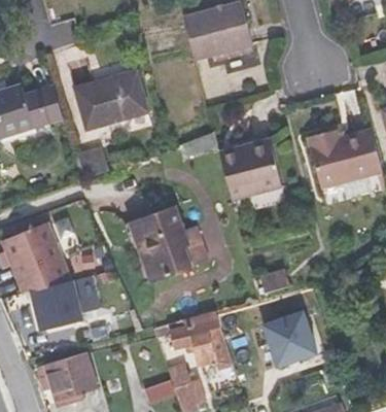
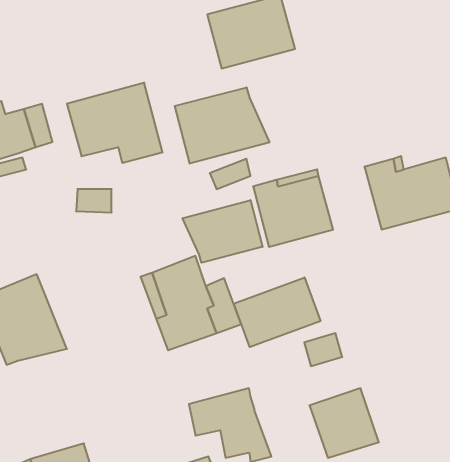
building: none -> [175,87,269,164]
building: none -> [183,200,263,263]
building: none -> [234,277,320,347]
building: [34,279,86,330] -> none

